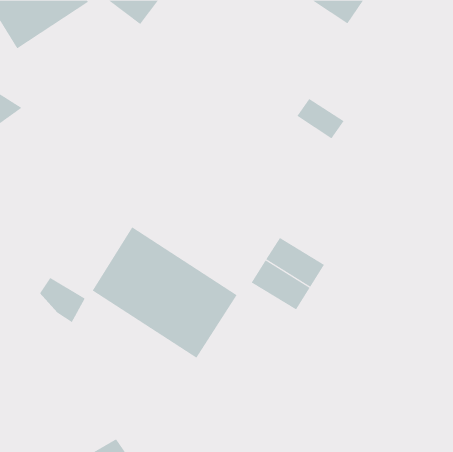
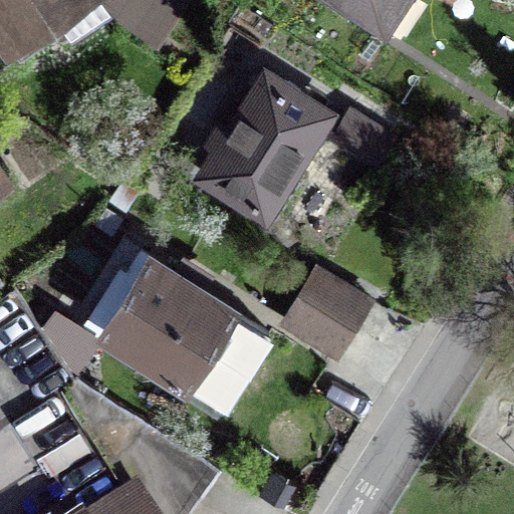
building: none -> [203,75,327,214]

